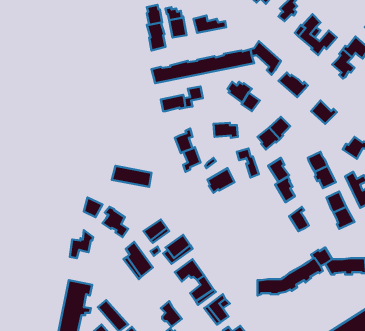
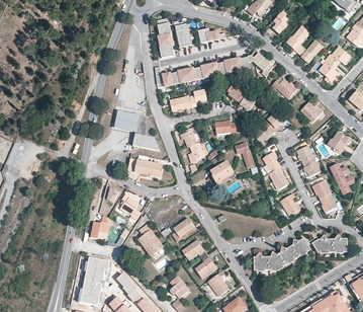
building: none -> [114,109,160,150]

